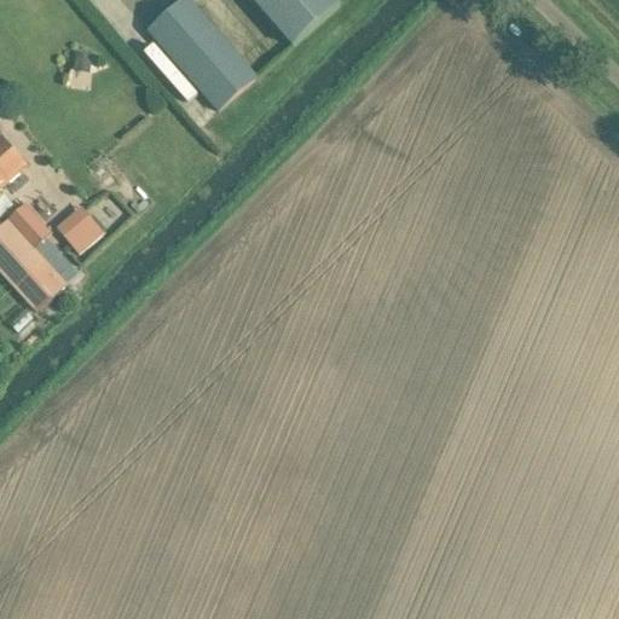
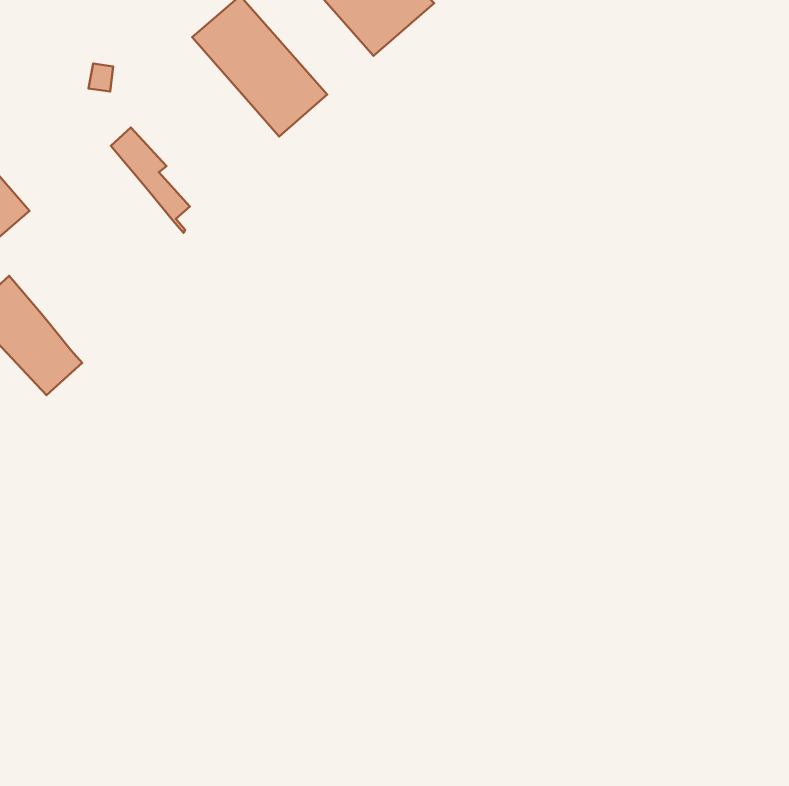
building: [7,201,69,283] -> [111,127,190,233]
building: [56,203,104,253] -> none

